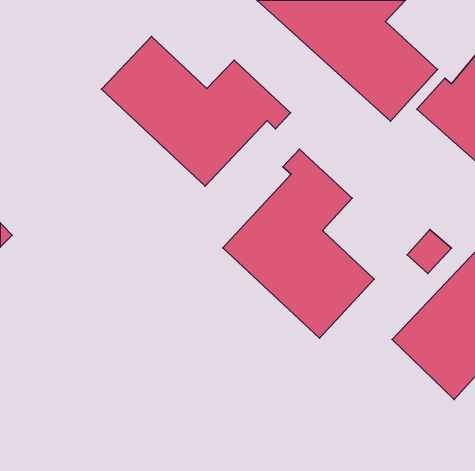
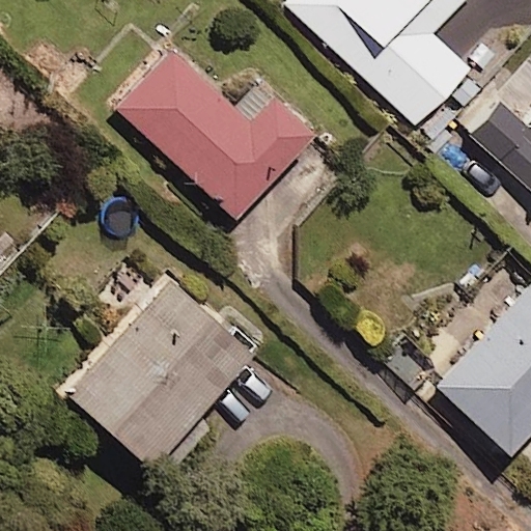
building: [223,149,374,338] -> none
building: none -> [67,279,254,468]

